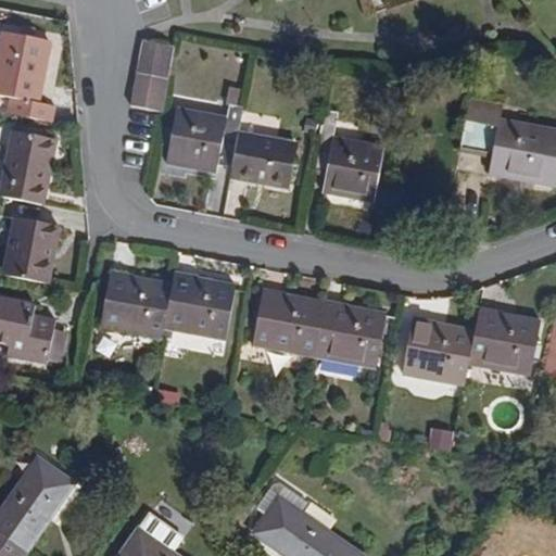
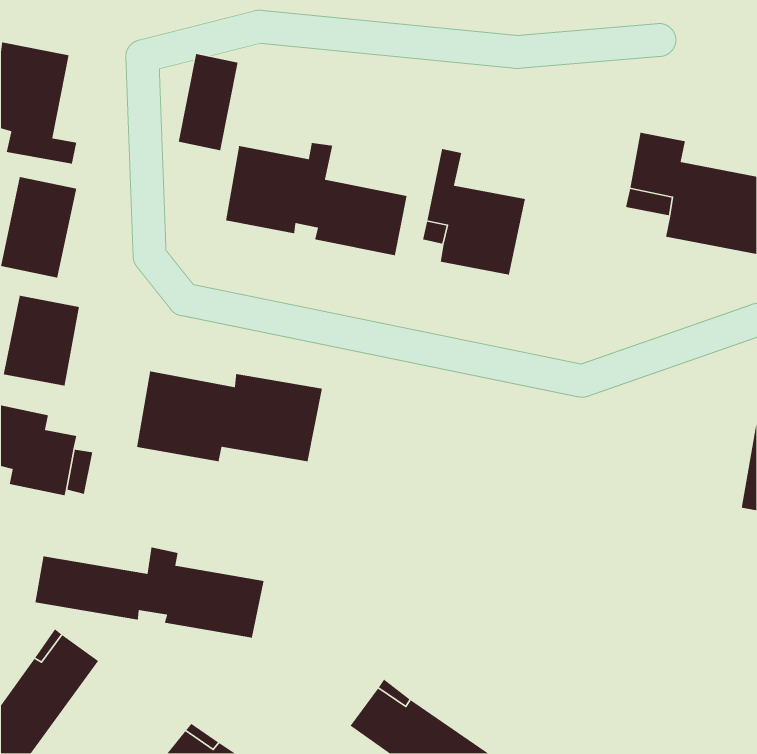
building: [252,289,386,368] -> none
building: [402,308,541,384] -> none
building: none -> [35,547,265,639]

